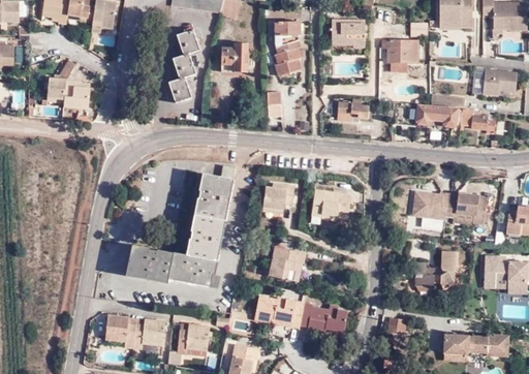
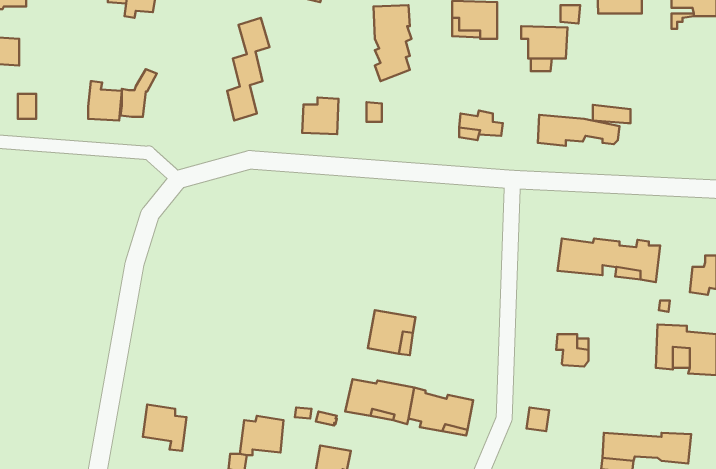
building: [221,43,248,70] -> [302,98,339,134]
building: [49,60,75,95] -> [120,69,157,117]
building: [483,69,517,95] -> none
building: [461,107,488,128] -> none
building: [130,167,231,283] -> none
building: [263,182,293,207] -> none
building: [312,189,349,221] -> none
building: [440,250,458,294] -> none
building: [134,319,166,349] -> none

